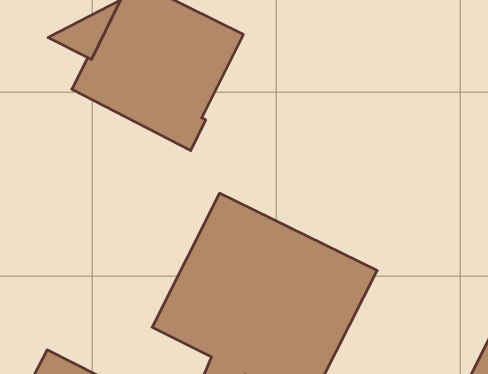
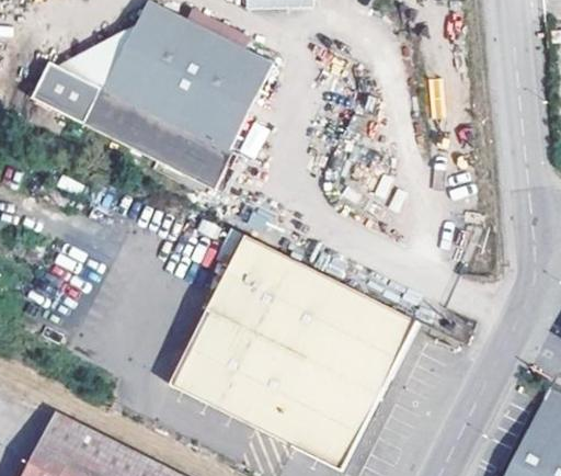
building: none -> [31,60,100,122]

